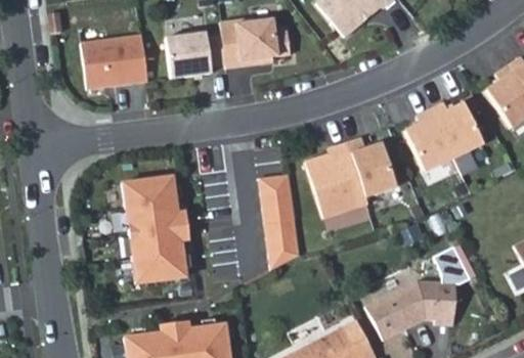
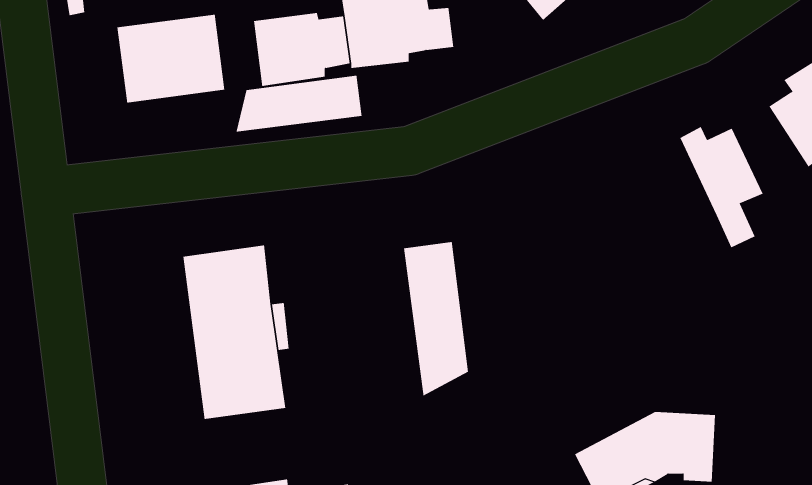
building: none -> [236,75,362,132]
building: [404,109,453,172] -> none
building: [306,138,396,218] -> none

